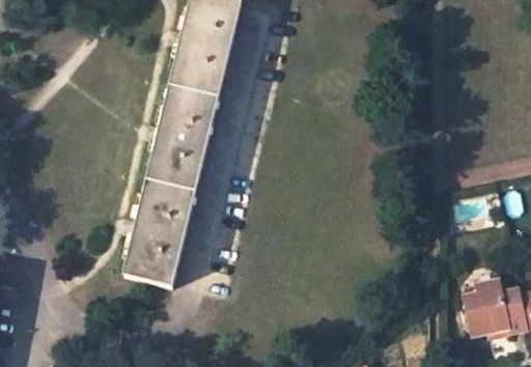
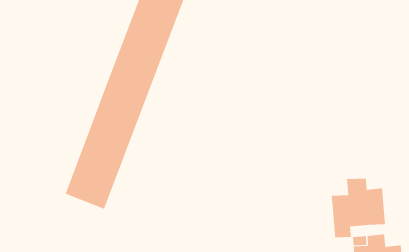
building: none -> [331,178,385,238]

